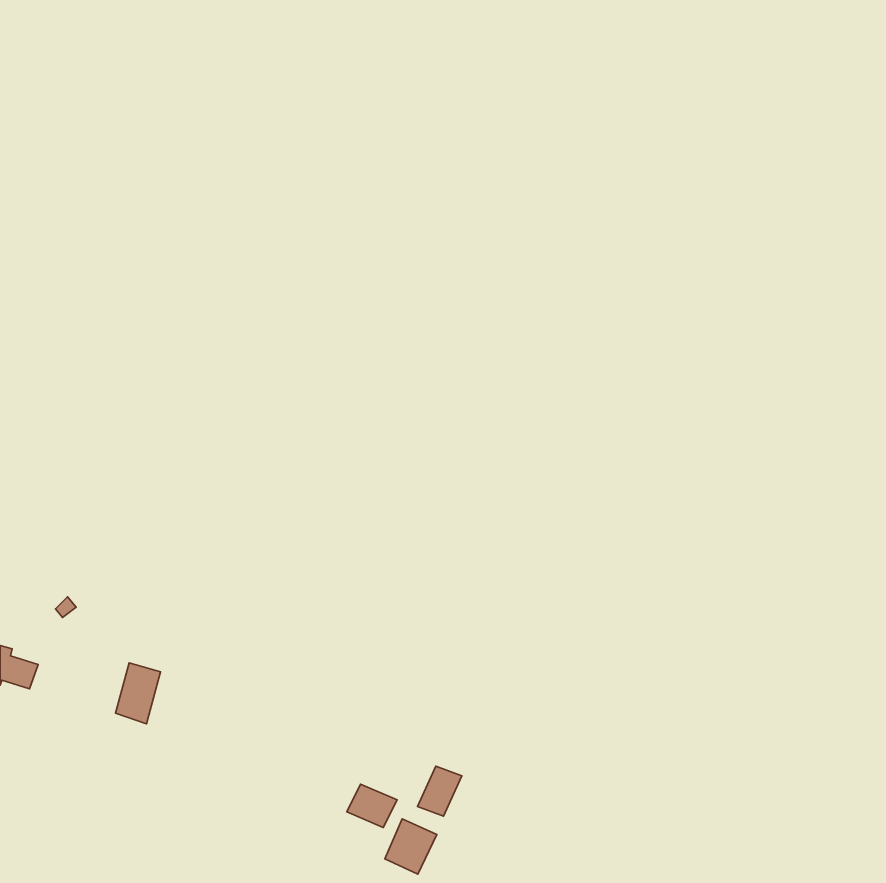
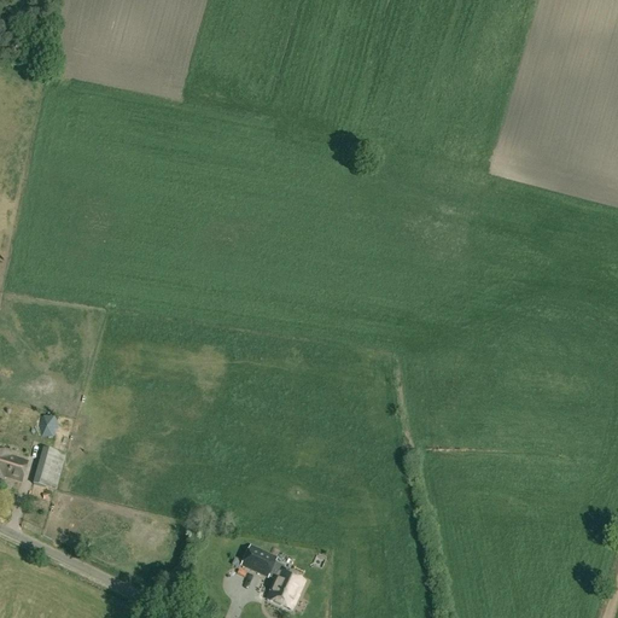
building: [115,663,161,724] -> [34,447,65,489]
building: [418,766,462,816] -> none

